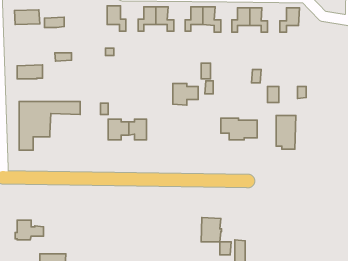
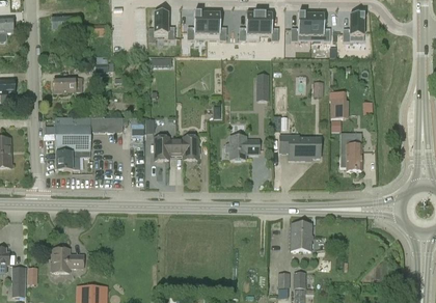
building: [173,84,198,105] -> [229,136,257,160]
building: [201,217,222,242] -> [290,222,312,249]

